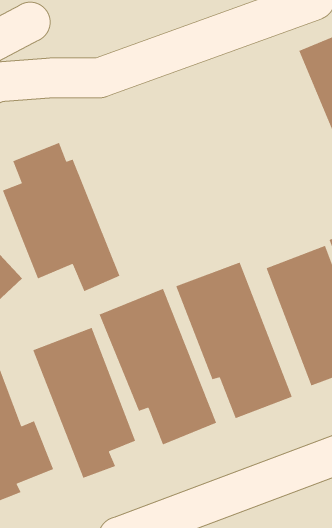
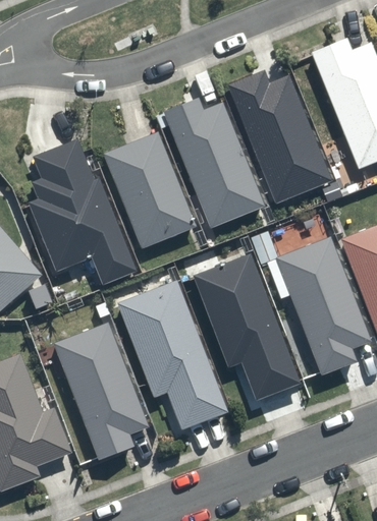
building: none -> [227,67,332,204]
building: none -> [162,97,267,227]
building: none -> [101,130,199,249]

